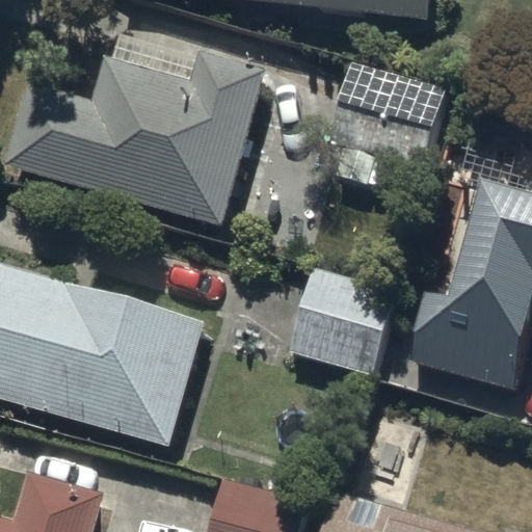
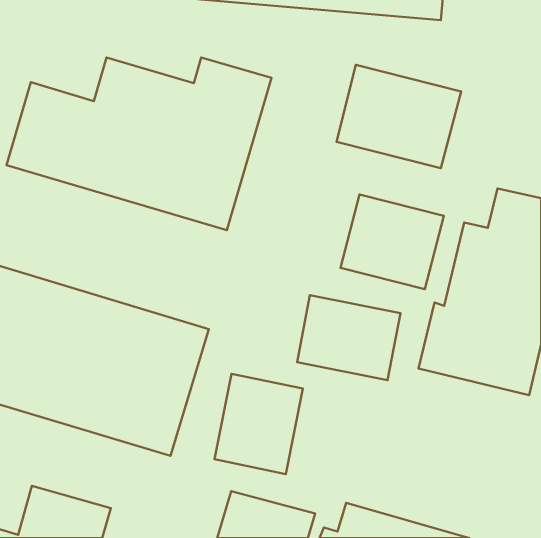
building: none -> [340,195,444,289]
building: none -> [215,374,303,474]

